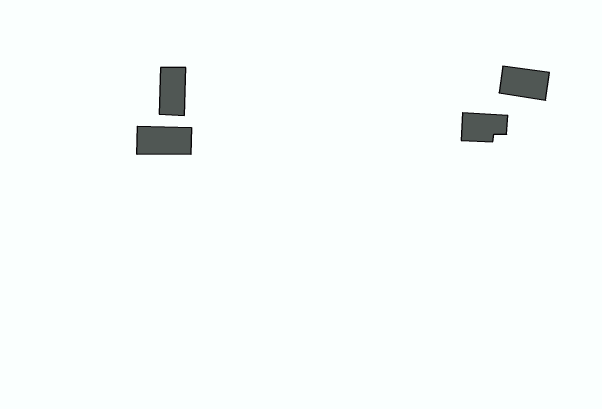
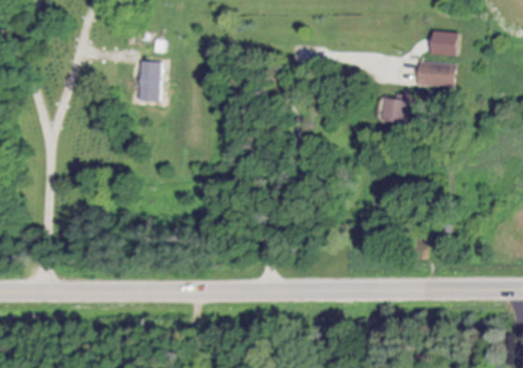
building: none -> [432,31,459,55]
building: [137,126,191,154] -> none

